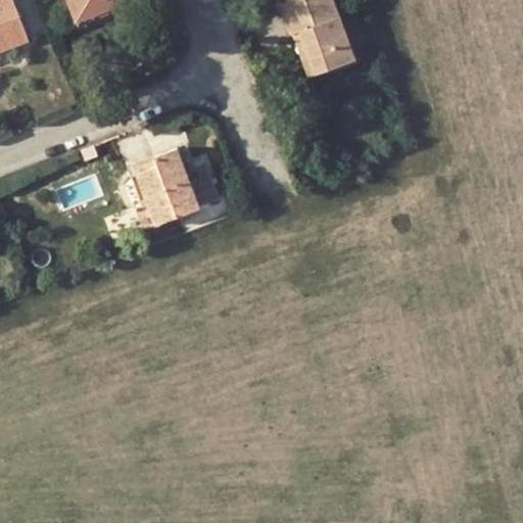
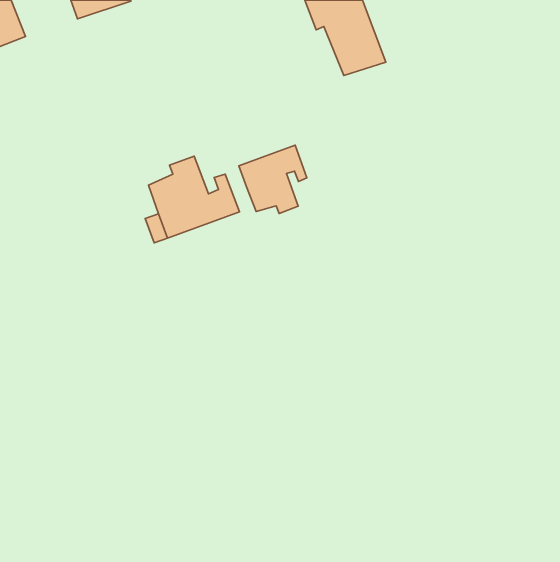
building: none -> [239,145,307,213]

